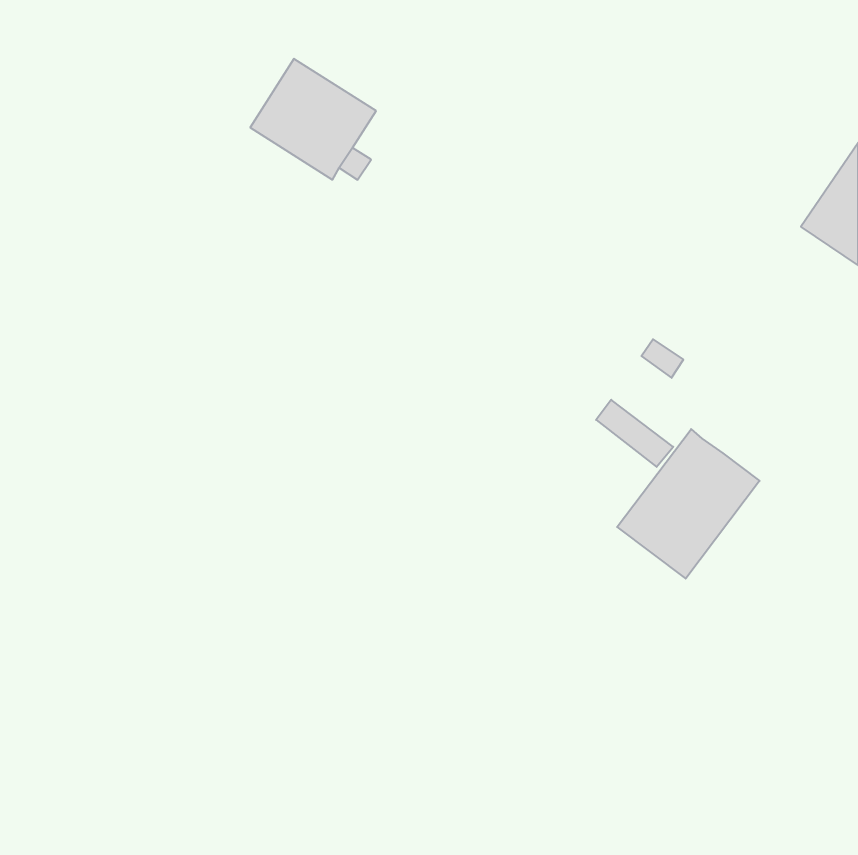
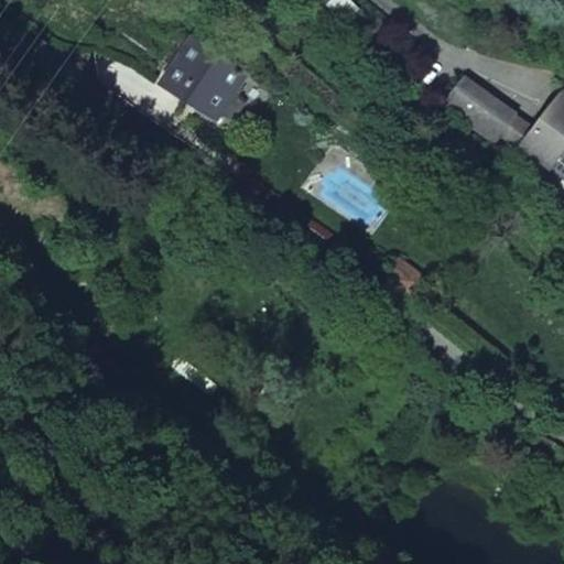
building: none -> [451,79,517,140]
building: [617,429,760,579] -> none

